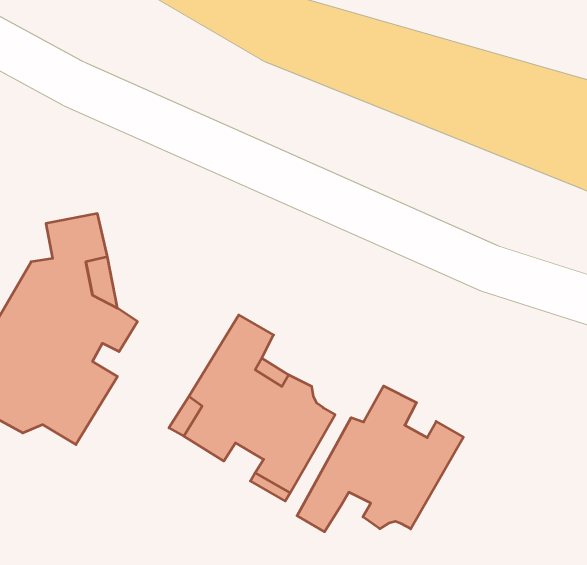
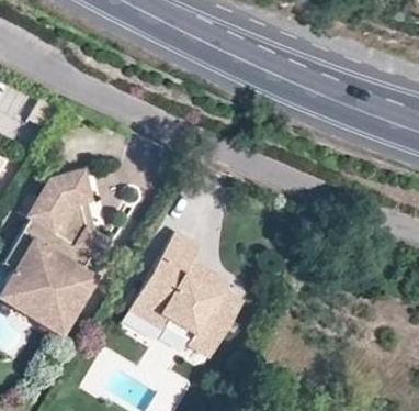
building: [297,386,463,532] -> none

